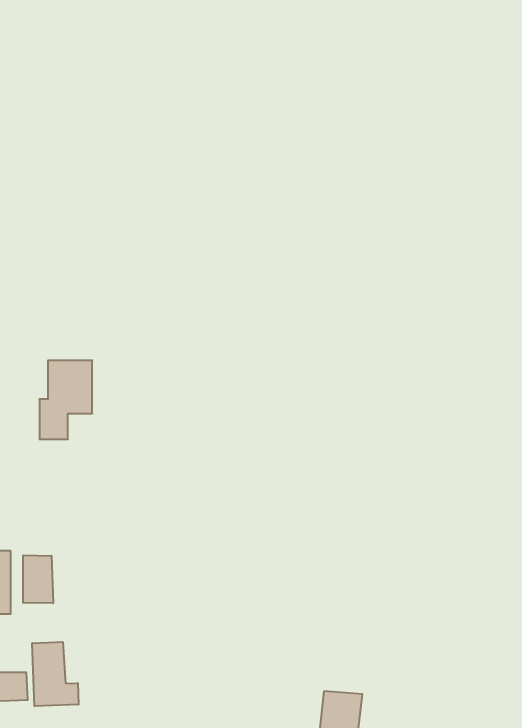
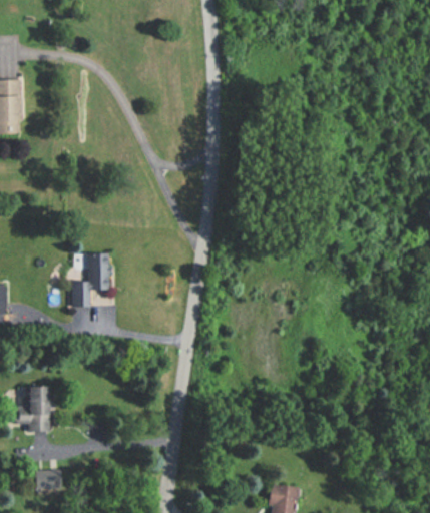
building: [23,555,53,603] -> none
building: [32,642,79,706] -> none

